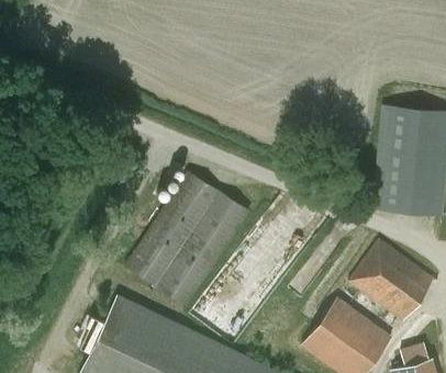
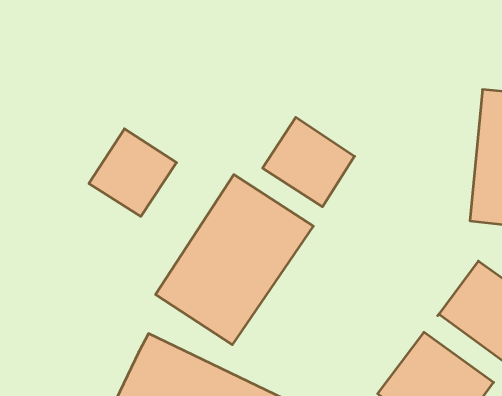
building: none -> [263,117,355,207]
building: none -> [89,129,177,216]

